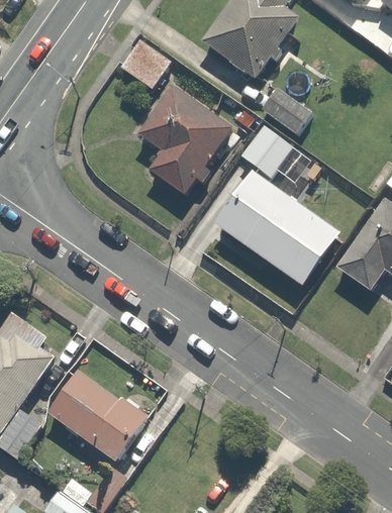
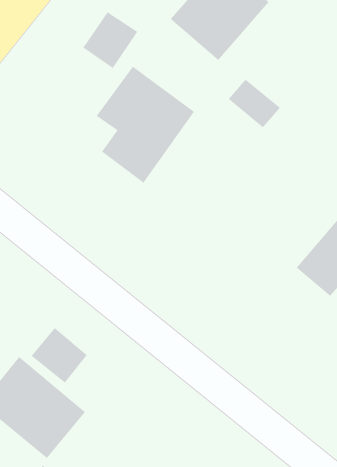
building: [214,123,344,287] -> none
building: none -> [31,327,88,383]

